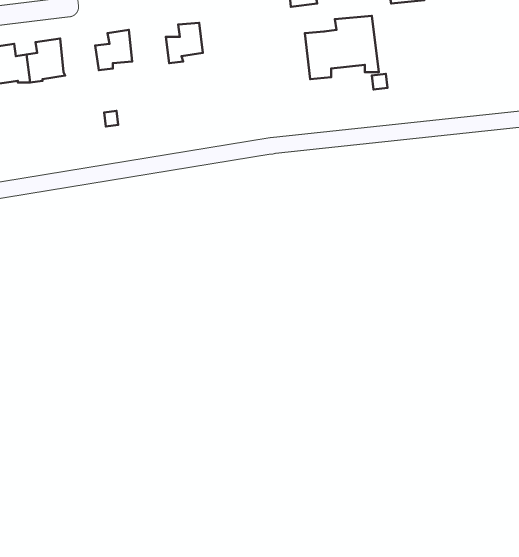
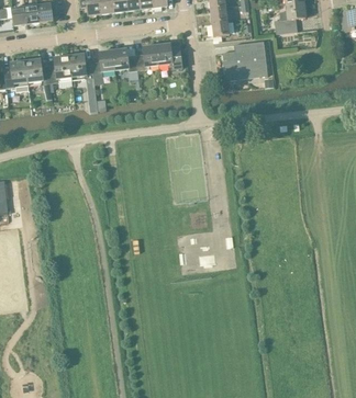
building: none -> [155,43,180,68]
building: none -> [111,48,136,71]
building: none -> [68,53,92,78]

